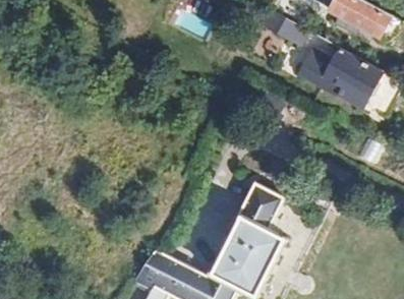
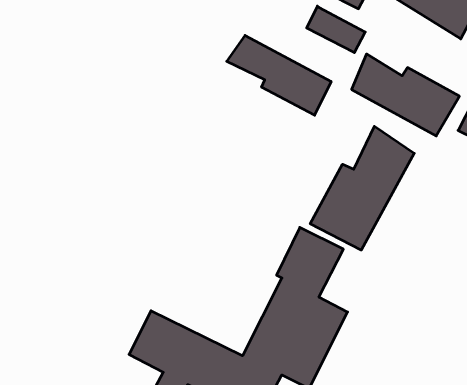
building: none -> [227,35,331,115]
building: none -> [310,126,414,250]

